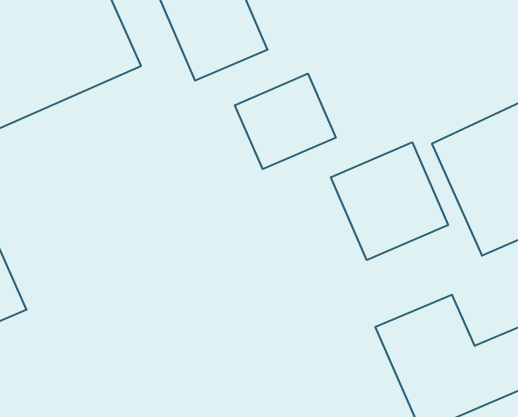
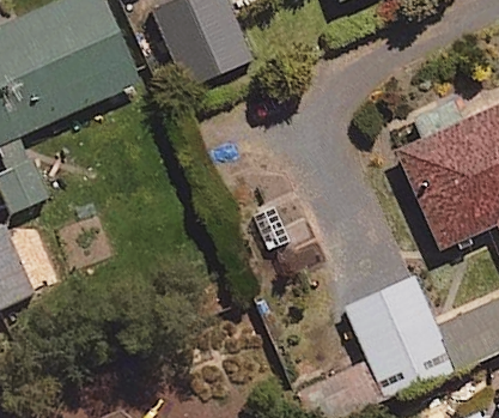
building: [235,74,336,169] -> none
building: [331,142,448,260] -> none

